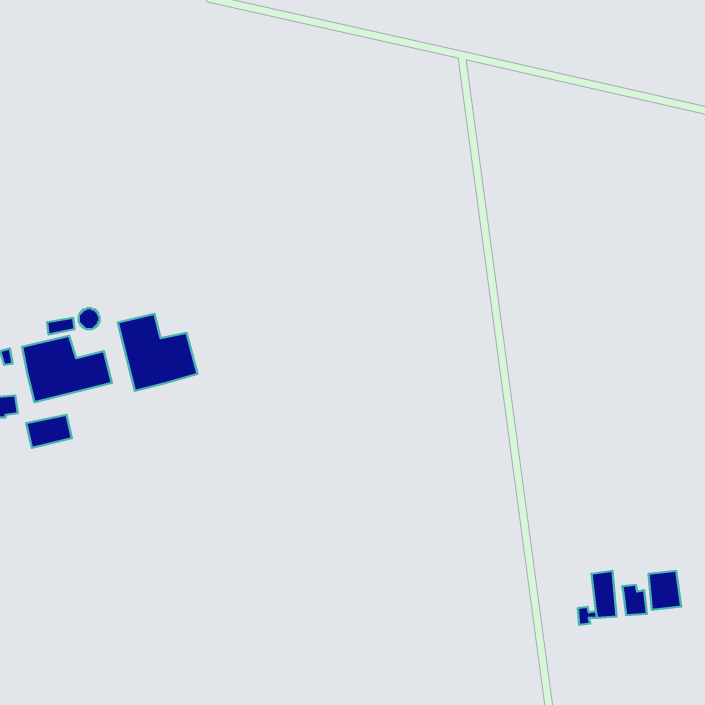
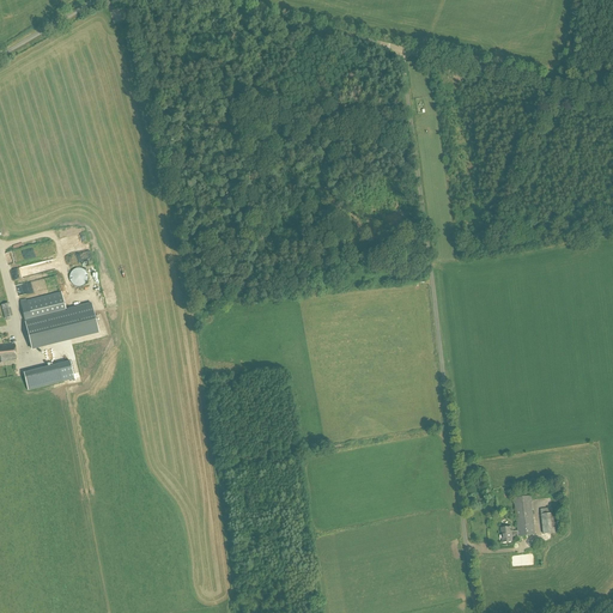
building: [118,314,198,391] -> none
building: [649,571,681,610] -> none

